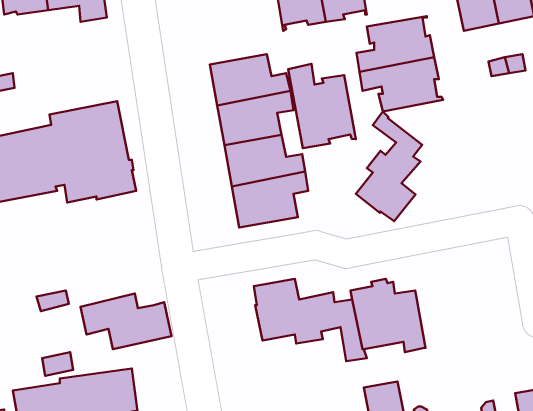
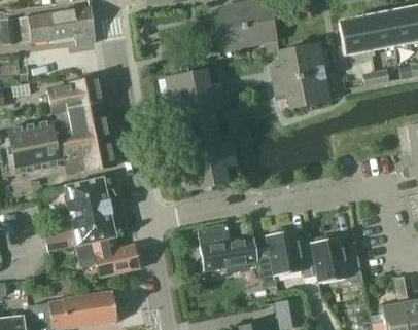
building: [288,64,356,148] -> none
building: none -> [46,77,102,112]
building: [356,111,422,221] -> none
building: none -> [64,177,115,246]
building: none -> [312,233,363,283]

